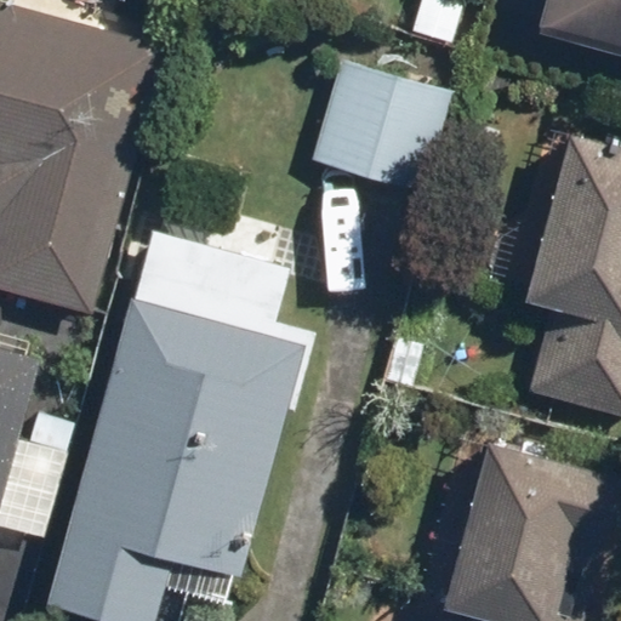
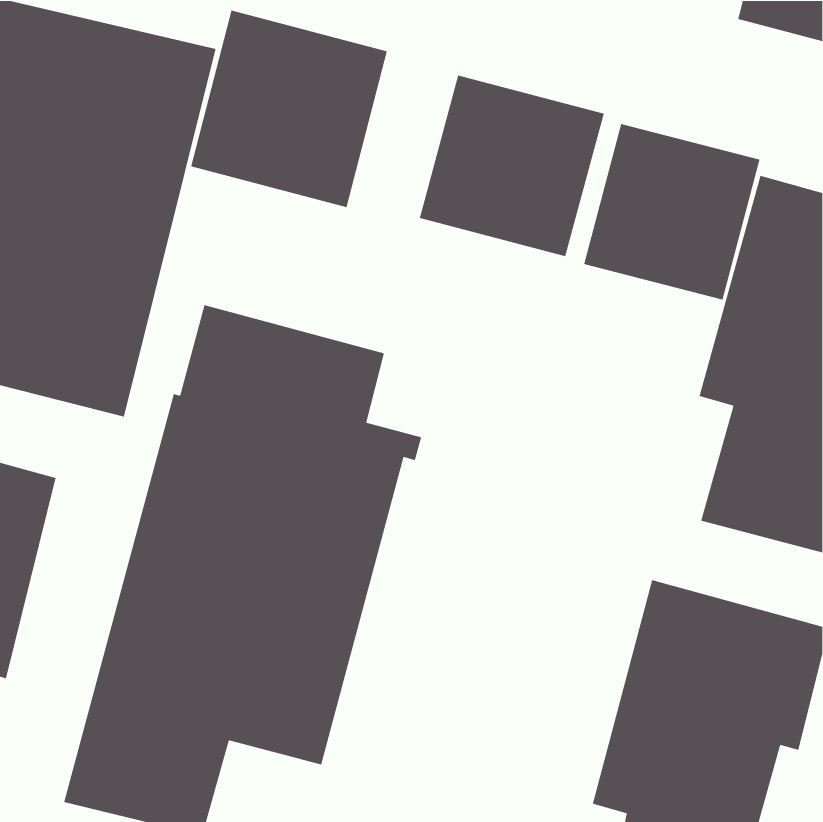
building: none -> [190,9,388,208]
building: none -> [583,123,760,300]

